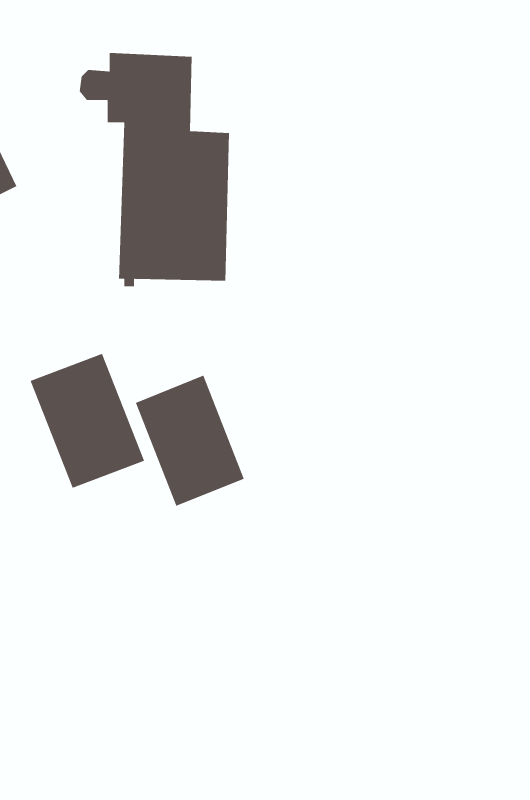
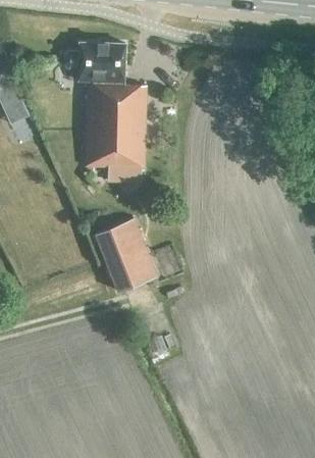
building: [30,353,145,489] -> none

